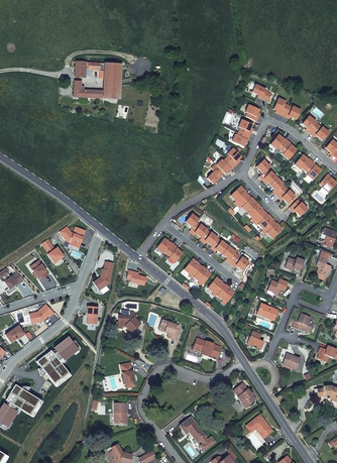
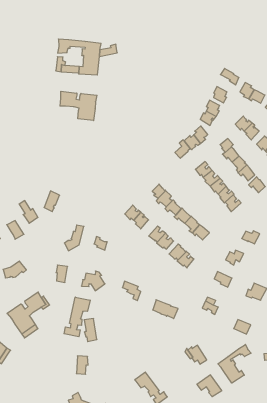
building: none -> [60,91,97,121]
building: none -> [64,297,90,337]
building: none -> [218,344,251,383]

